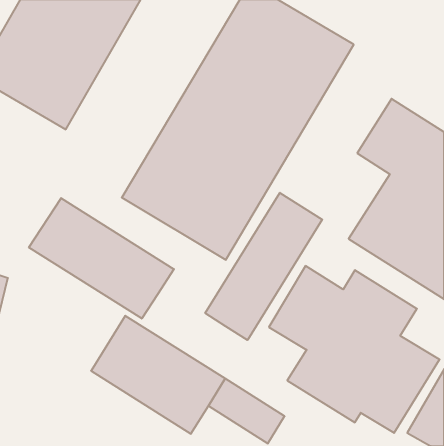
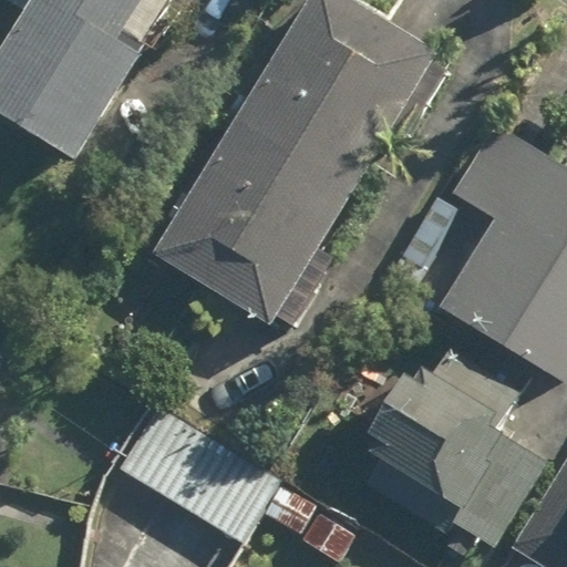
building: [205,193,322,340] -> none
building: [29,198,174,319] -> none

